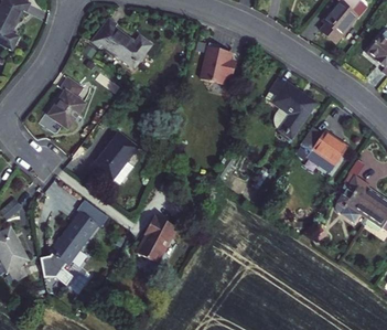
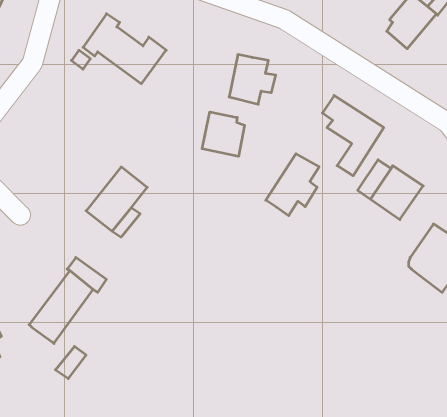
building: [47,77,84,127] -> none
building: none -> [202,112,245,156]
building: none -> [266,154,319,216]
building: [138,216,178,263] -> none
building: [40,253,73,285] -> none

